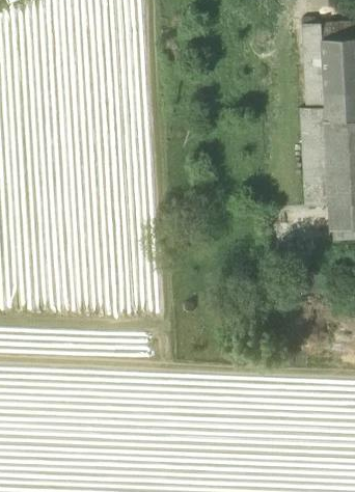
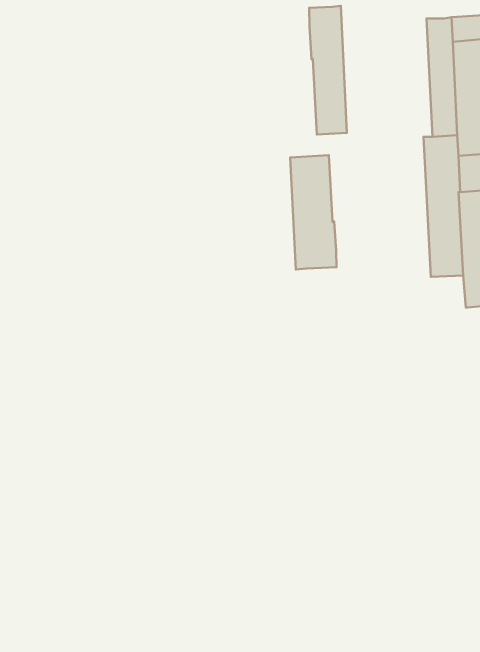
building: none -> [309,6,347,134]
building: none -> [290,155,337,269]

